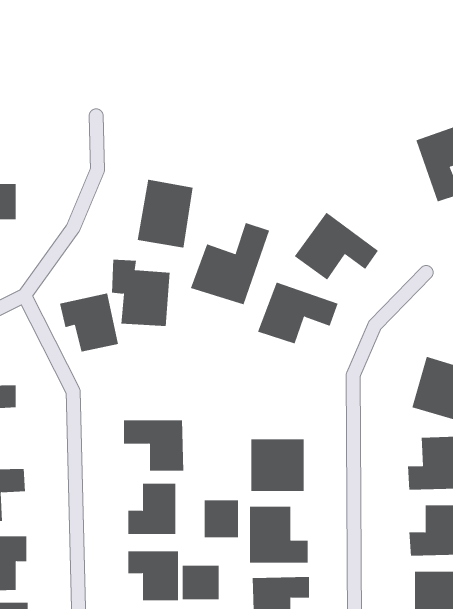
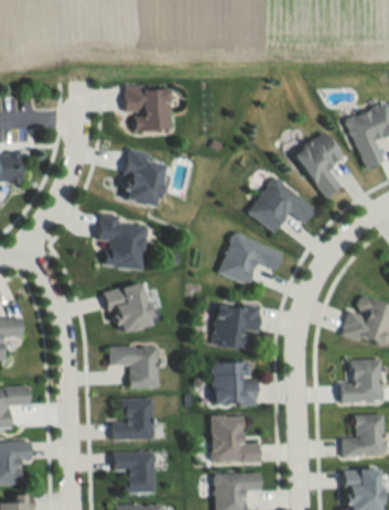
building: none -> [126,85,172,129]
building: none -> [294,131,344,197]
building: [190,222,270,305] -> none
building: [59,293,119,352] -> [105,283,153,332]
building: none -> [213,302,260,348]
building: [204,499,238,538] -> none
building: [182,565,219,600] -> none

